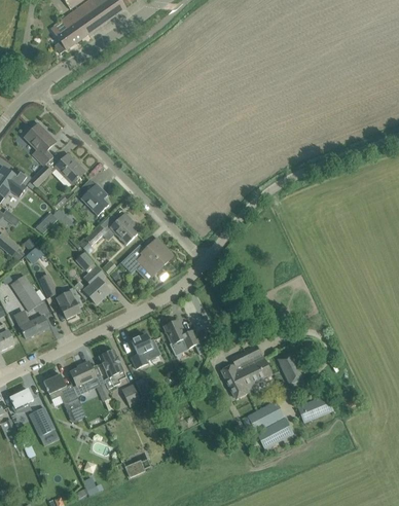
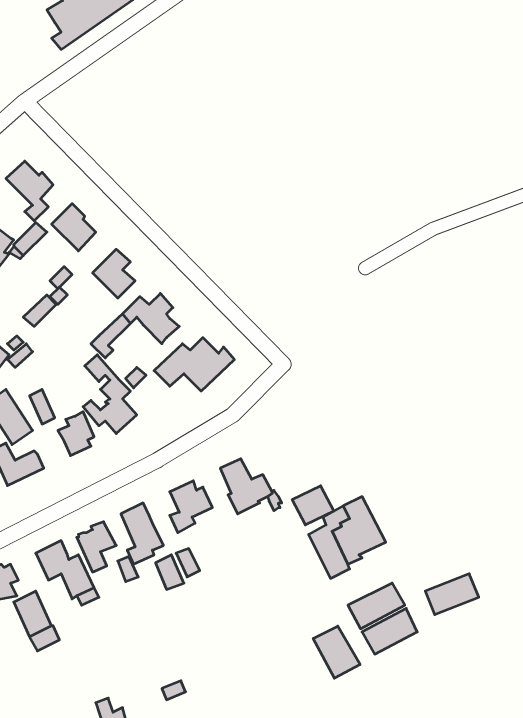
building: none -> [292,486,334,525]
building: [277,352,302,384] -> none
building: none -> [313,626,360,678]

